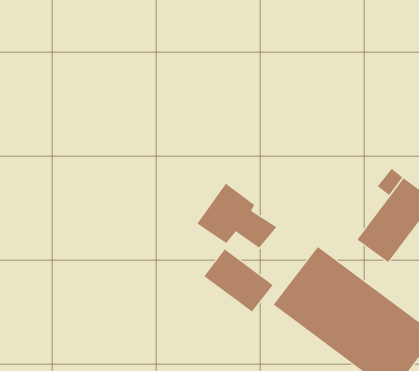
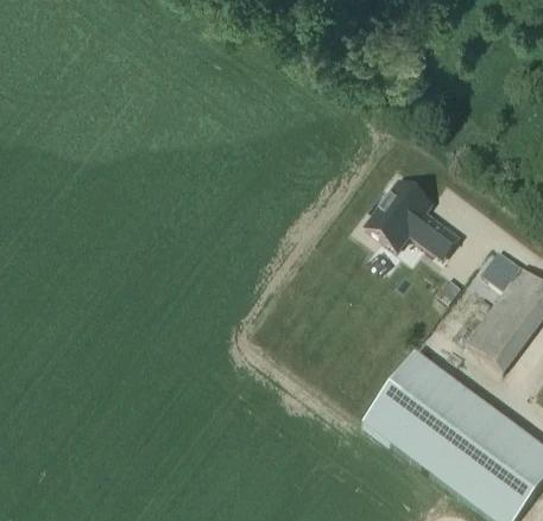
building: [196,183,277,249] -> [349,170,448,250]
building: [204,249,273,313] -> none

